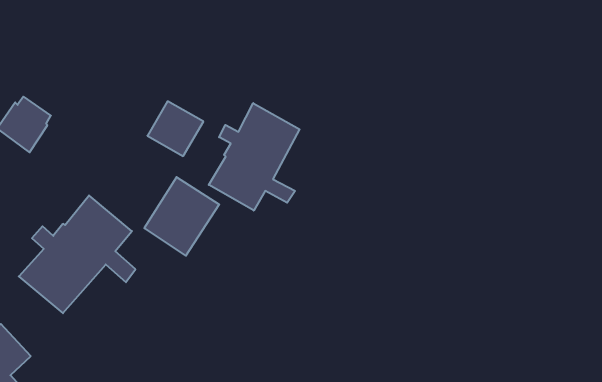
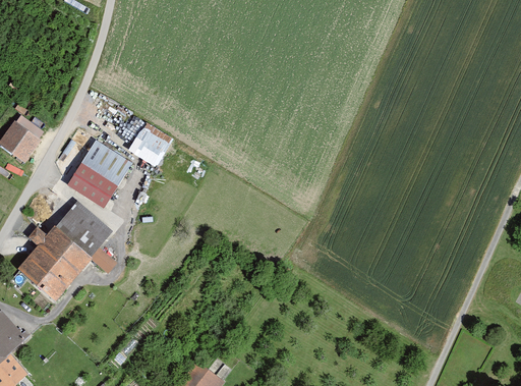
building: [209,103,300,211] -> none
building: [144,177,219,256] -> [69,142,133,209]

